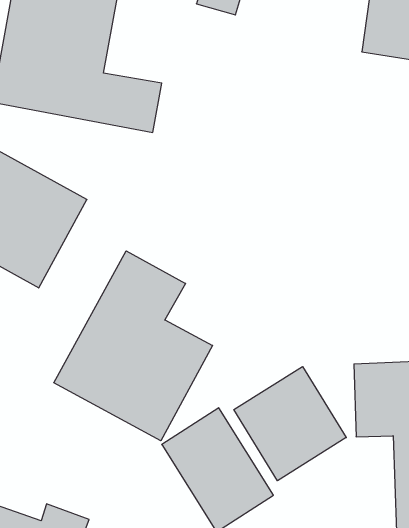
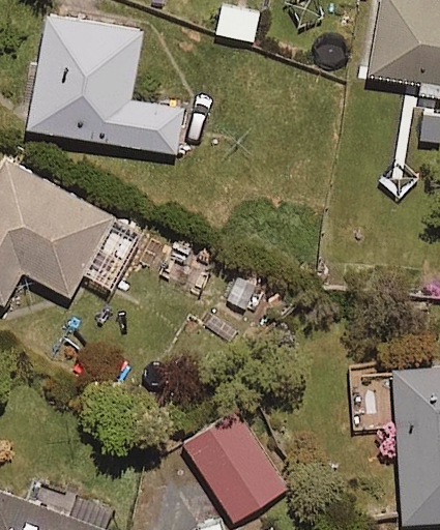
building: [54,251,213,441] -> none
building: [234,367,346,481] -> none

